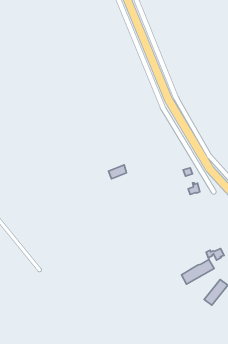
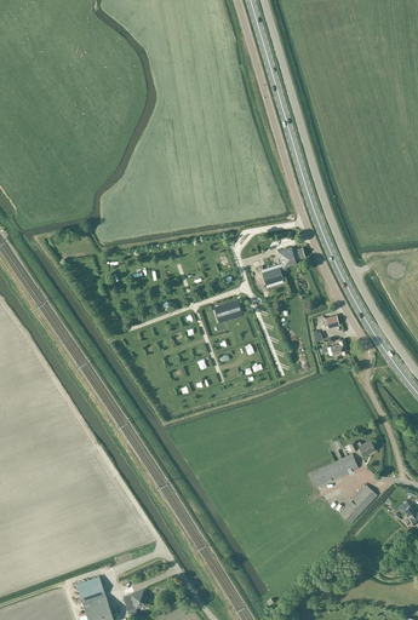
building: none -> [260,247,304,285]

